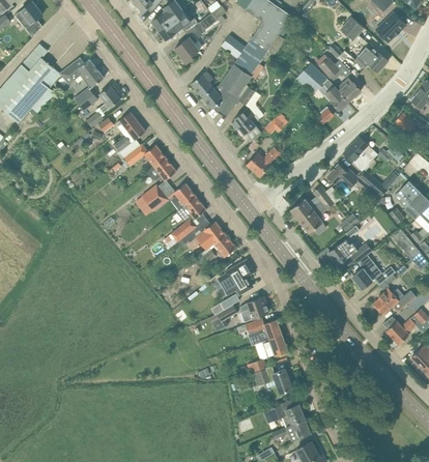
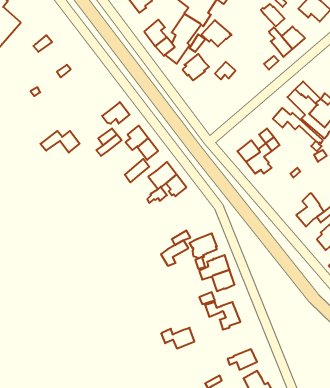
building: [62,57,104,86] -> none
building: [296,63,328,91] -> [201,20,232,47]
building: [87,86,121,127] -> none
building: [118,112,146,143] -> none
building: [124,144,166,167] -> [40,131,80,153]
building: [247,147,280,177] -> none
building: [328,238,366,265] -> none
building: [219,260,253,293] -> none
building: [269,404,305,426] -> [161,328,194,348]

